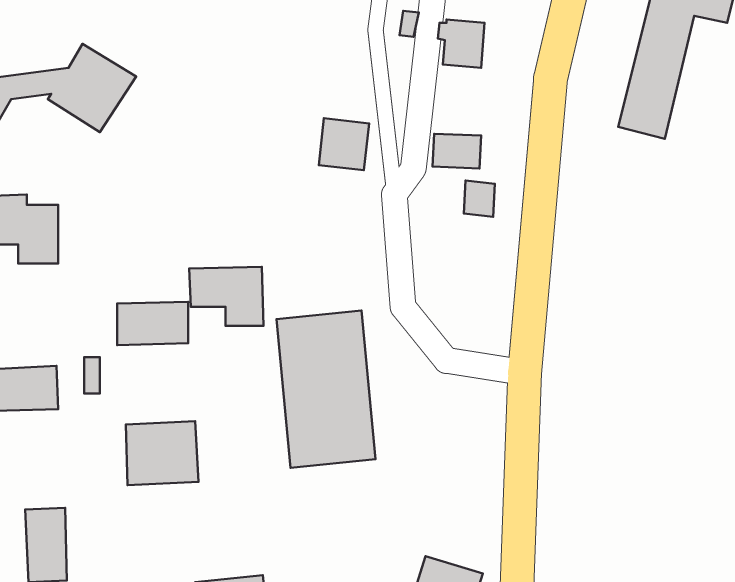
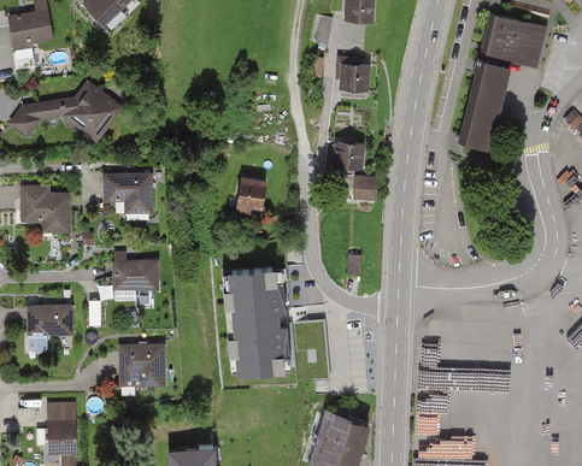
building: [319,118,369,170] -> [235,177,270,213]
building: [189,267,264,326] -> [102,173,154,214]
building: none -> [327,413,372,448]

